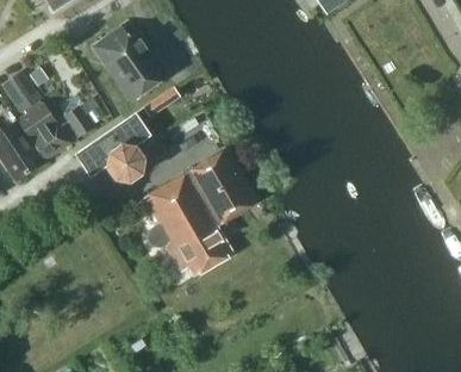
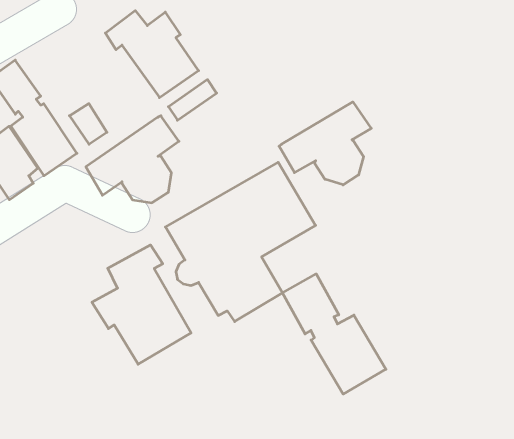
building: none -> [279,102,371,185]
building: none -> [92,245,191,364]
building: none -> [283,274,386,394]

